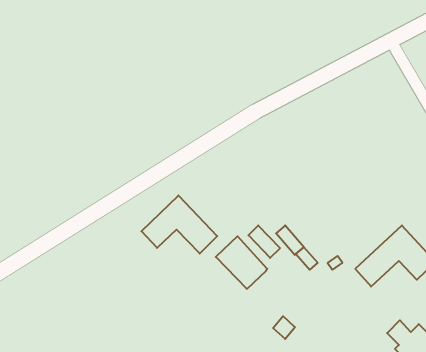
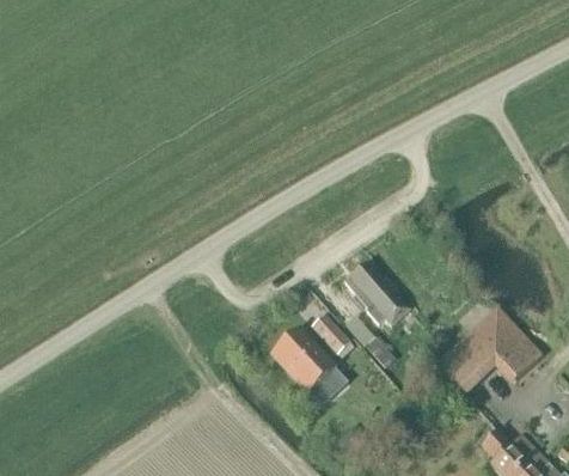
building: none -> [347,261,411,327]
building: [141,195,217,254] -> none

